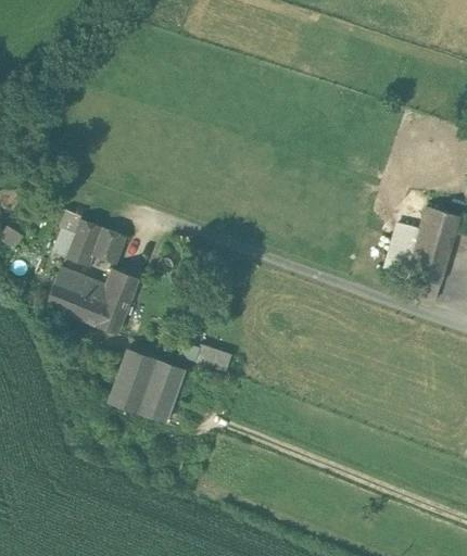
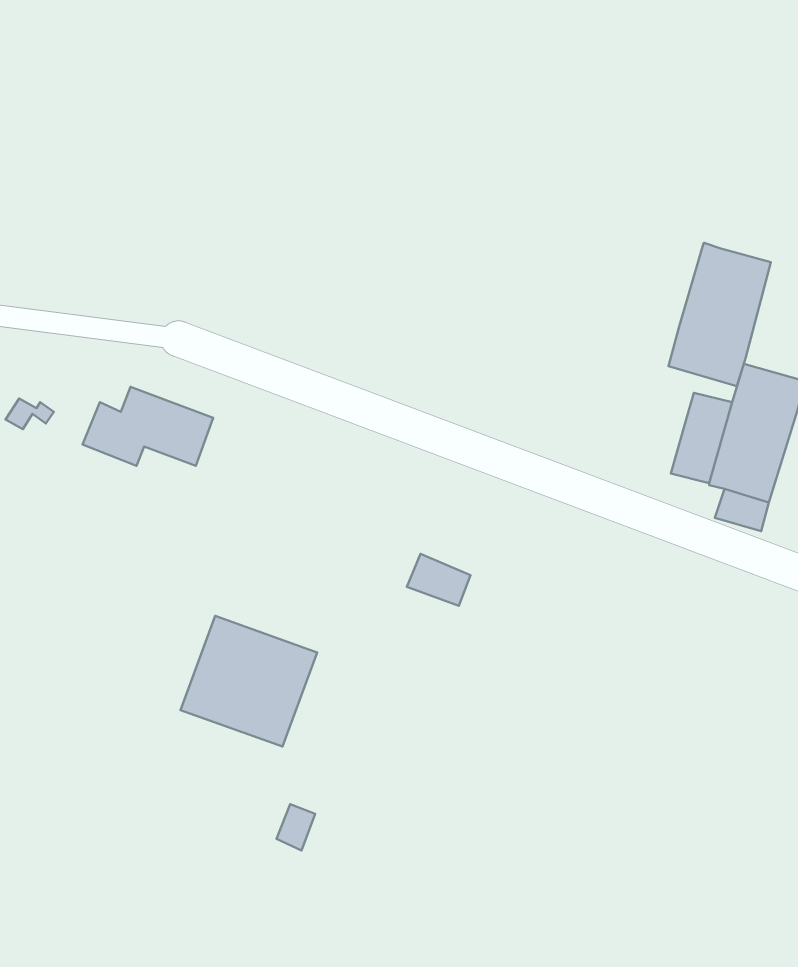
building: none -> [668,243,771,386]
building: [45,266,138,333] -> none
building: [194,344,230,374] -> [407,554,470,606]

